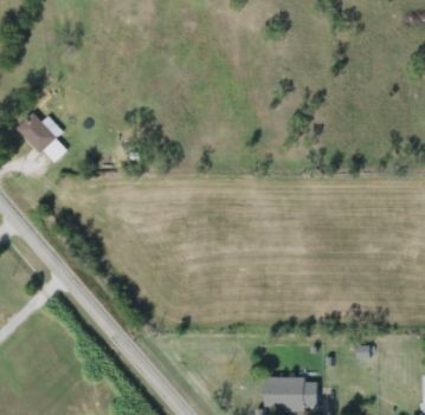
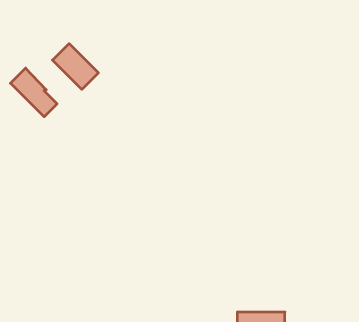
building: none -> [52,44,98,89]

